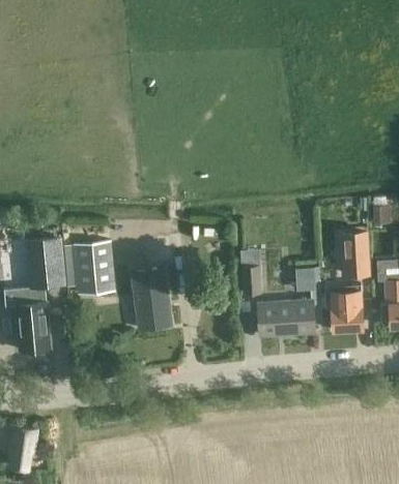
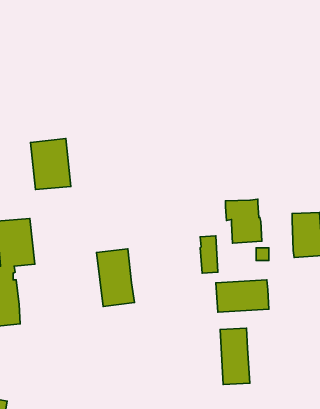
building: [74,241,116,295] -> [31,139,71,189]
building: [325,285,364,332] -> [226,199,262,243]
building: none -> [220,328,250,385]

